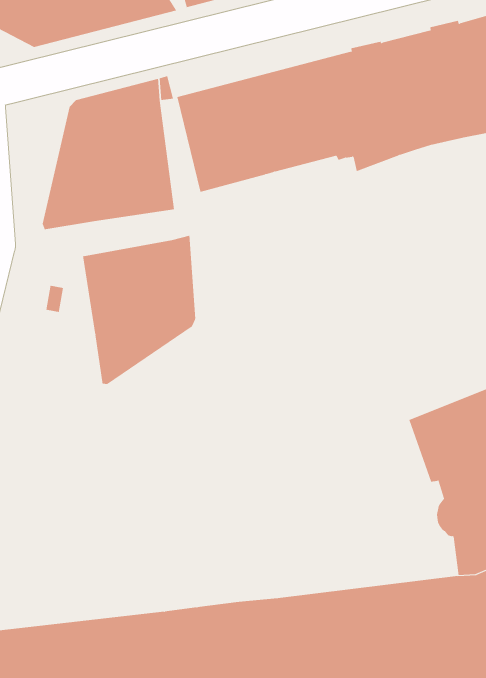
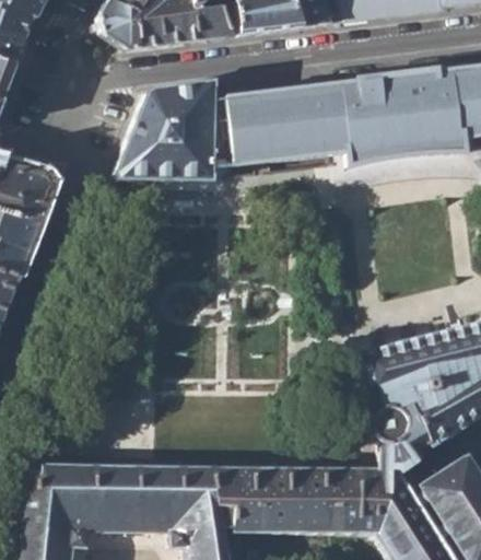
building: [82,235,196,385] -> none

